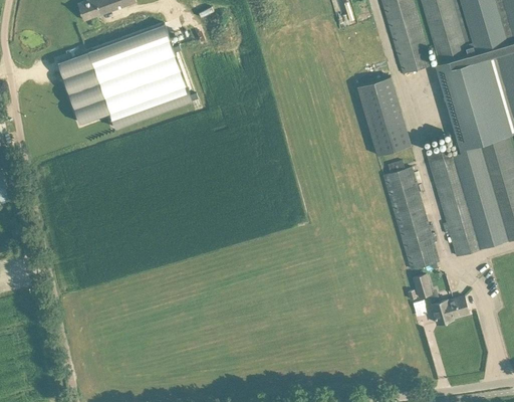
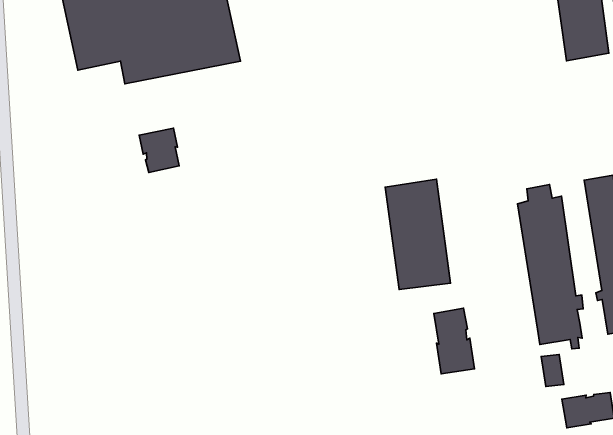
building: [357,75,411,154] -> [385,179,451,290]
building: none -> [139,128,179,172]
building: none -> [434,308,475,374]

